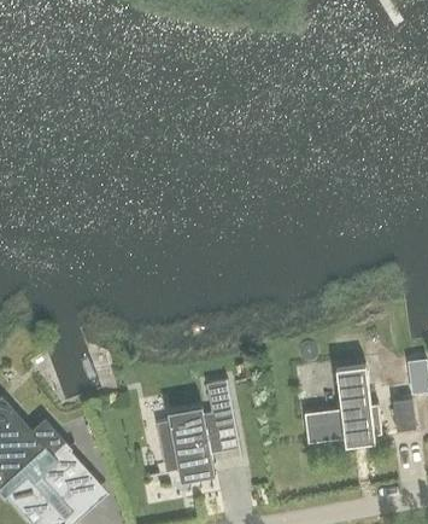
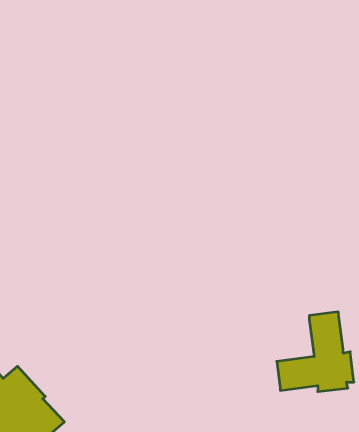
building: [148,378,240,476] -> none

